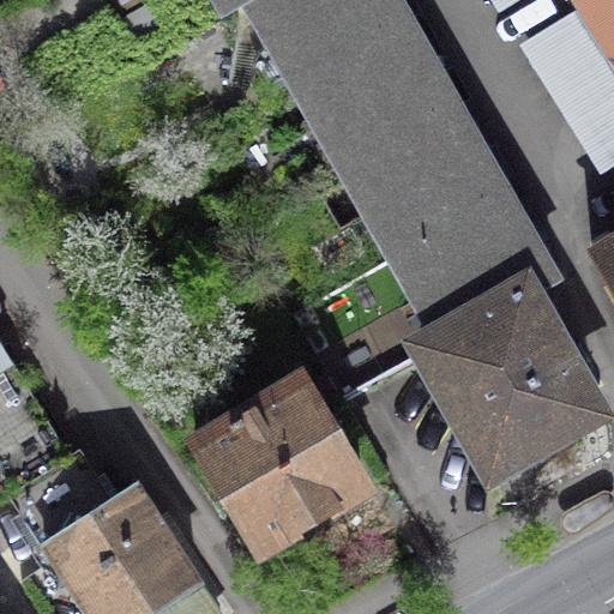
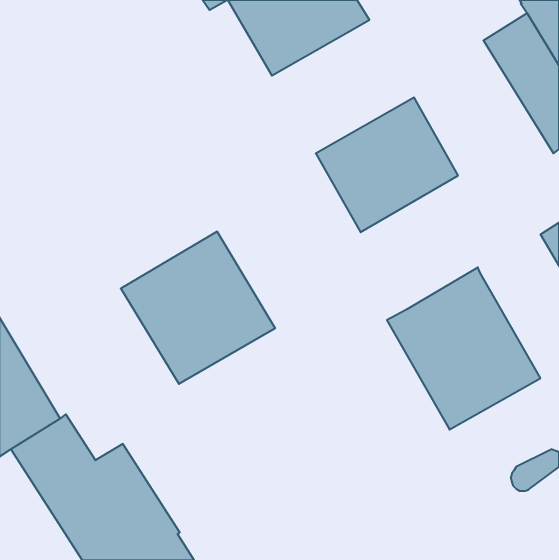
building: [297,22,453,168] -> none
building: [395,192,553,339] -> none
building: [193,383,362,549] -> [121,232,275,384]

